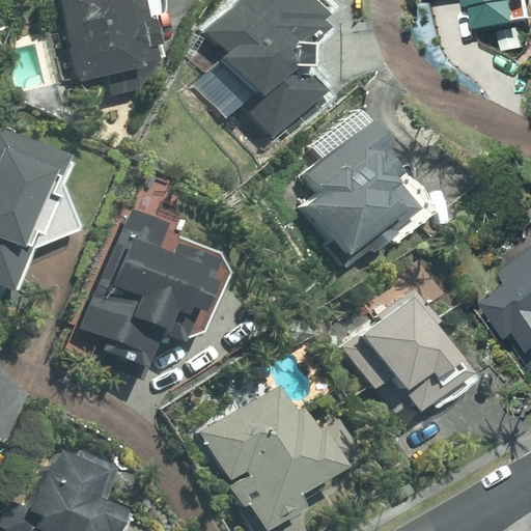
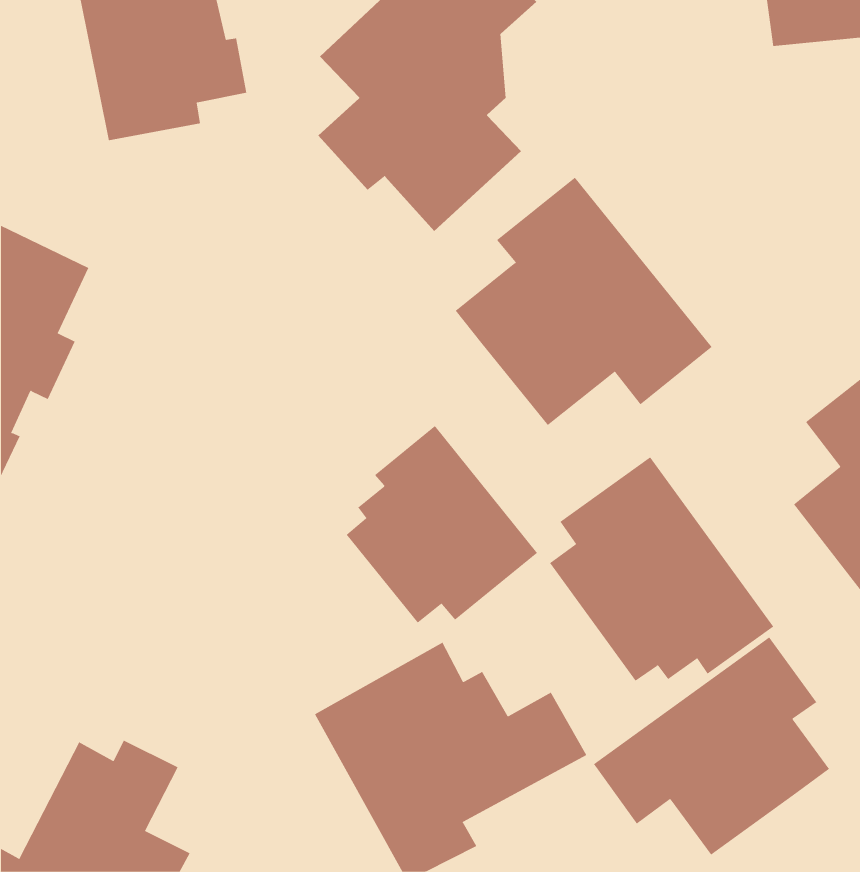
building: [68,212,230,379] -> none
building: none -> [346,425,538,623]
building: none -> [593,636,830,855]

